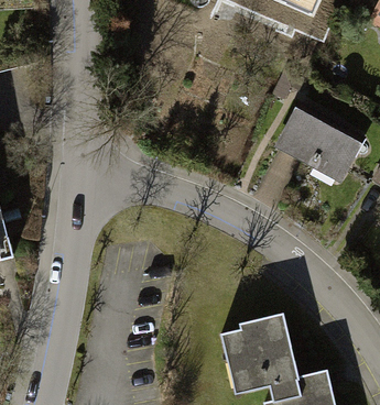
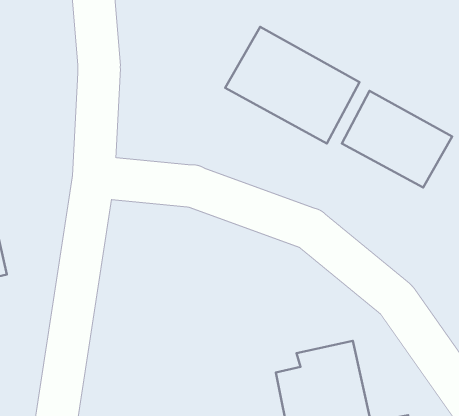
building: none -> [225,27,359,144]

